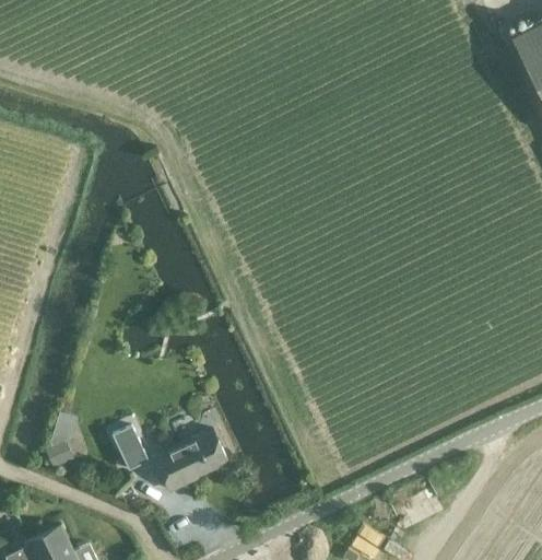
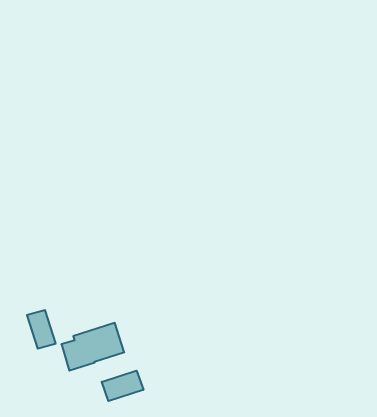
building: none -> [102,371,143,401]

